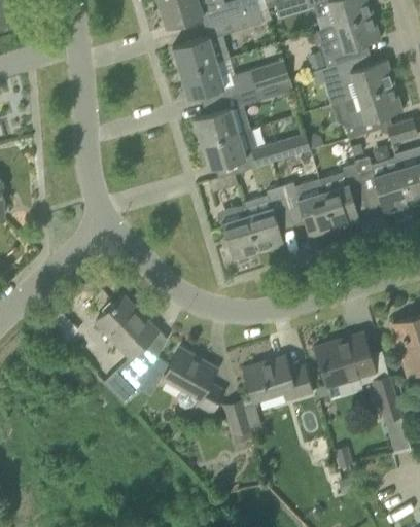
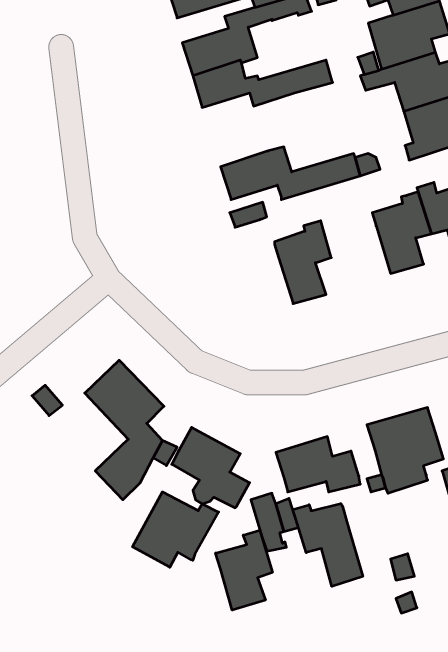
building: [192,86,261,144] -> none
building: [279,180,334,236] -> none
building: [221,205,257,262] -> none
building: none -> [133,492,219,567]
building: none -> [293,504,363,586]
building: none -> [216,530,272,610]

